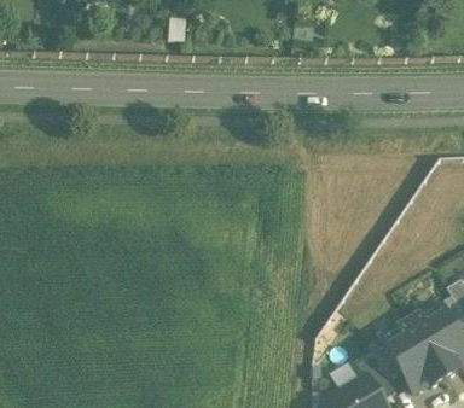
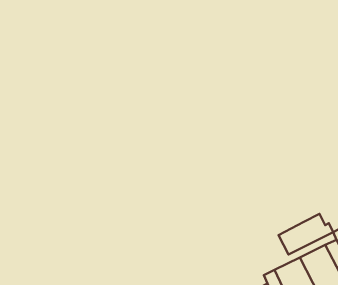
building: none -> [279,214,333,254]

